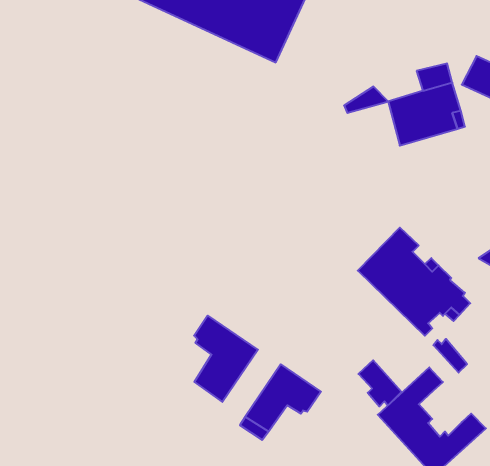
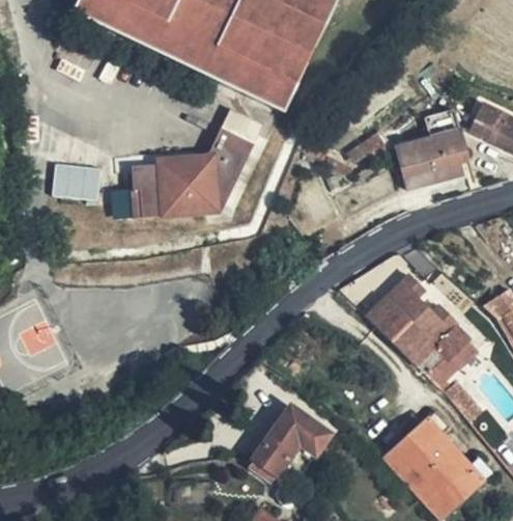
building: none -> [132,108,262,217]
building: none -> [50,162,99,200]
building: [194,316,258,402] -> none
building: [358,360,401,406] -> [425,433,467,478]

